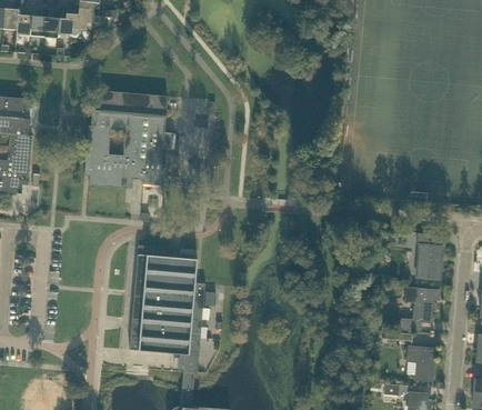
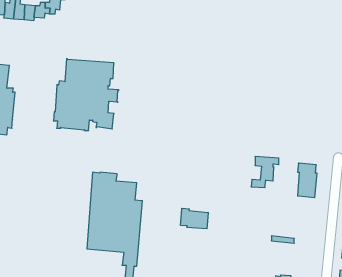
building: [401,288,439,330] -> [251,156,279,188]
building: none -> [181,208,208,229]
building: [406,347,434,380] -> none

